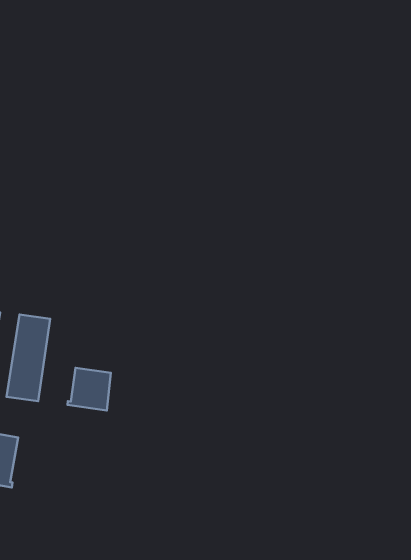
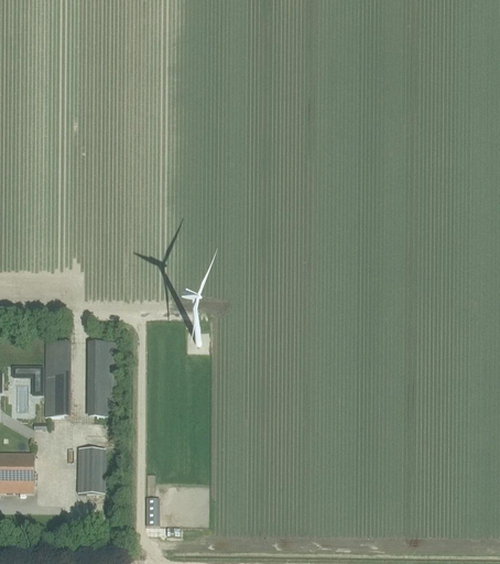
building: [67,368,111,411] -> none

